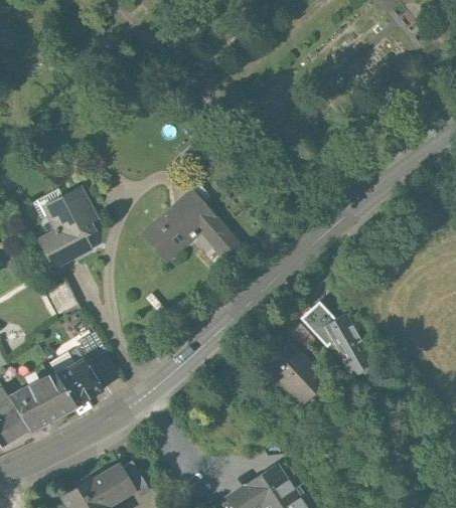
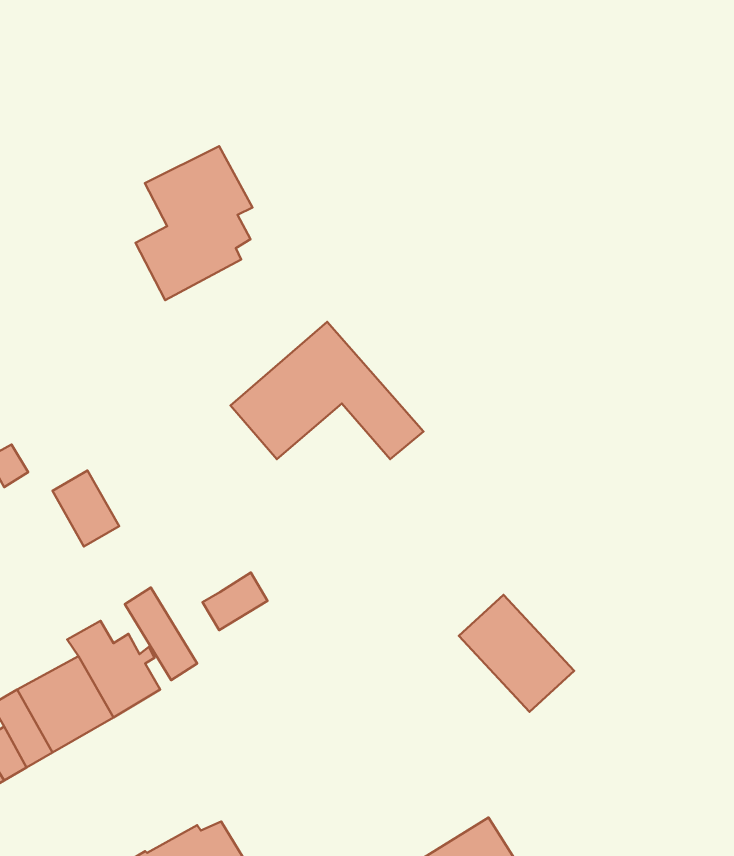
building: [37,189,101,273] -> [135,146,252,300]
building: [299,301,373,377] -> none
building: none -> [202,573,268,630]

